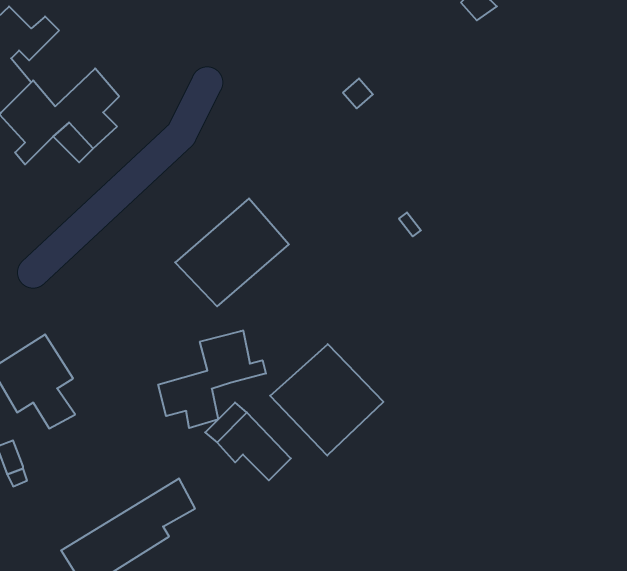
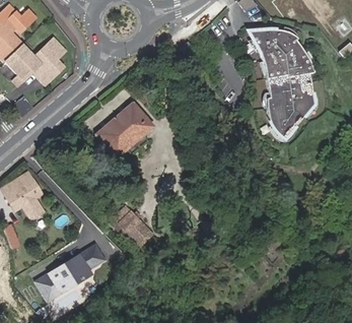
building: none -> [249,28,315,140]
building: [158,330,266,428] -> none
building: [270,344,383,456] -> none

